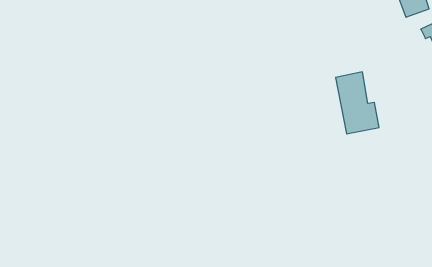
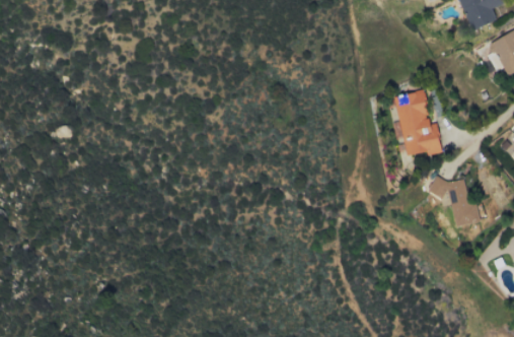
building: none -> [432,178,480,226]

